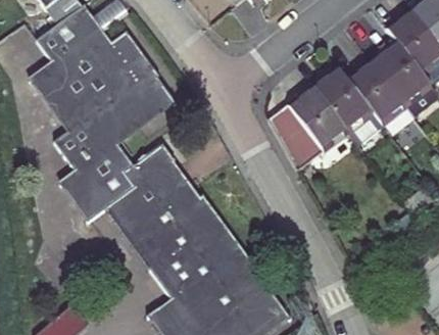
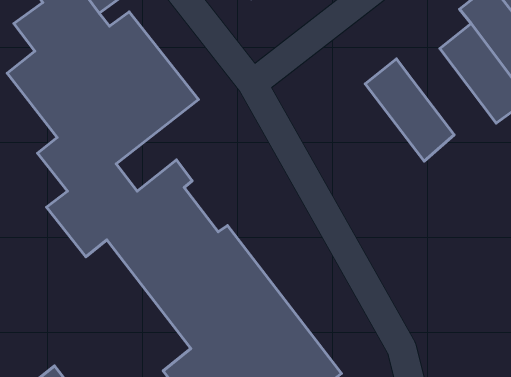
building: [342,59,411,137] -> none
building: [265,87,346,173] -> none

